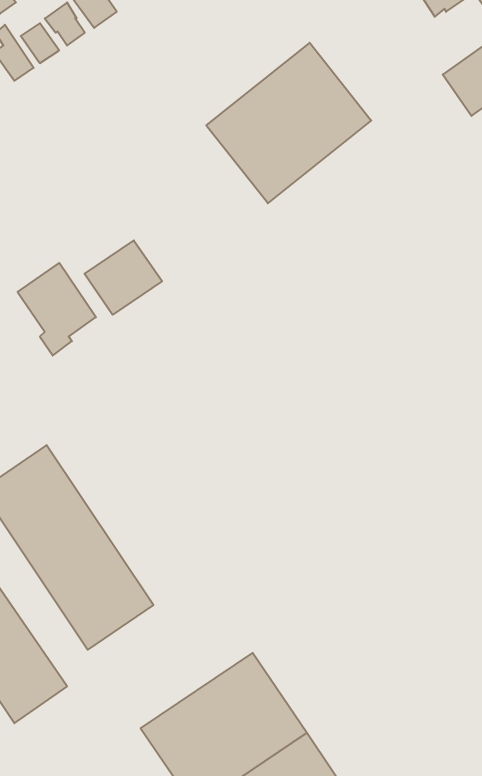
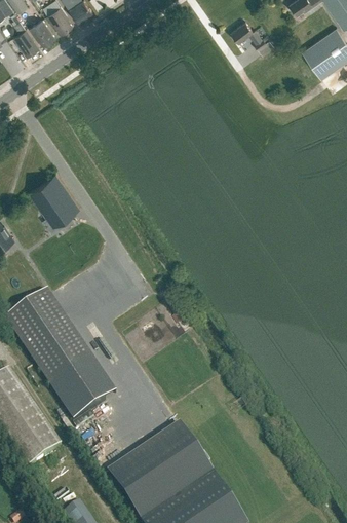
building: none -> [232,22,268,50]
building: [206,43,371,203] -> none
building: [85,240,162,315] -> none

